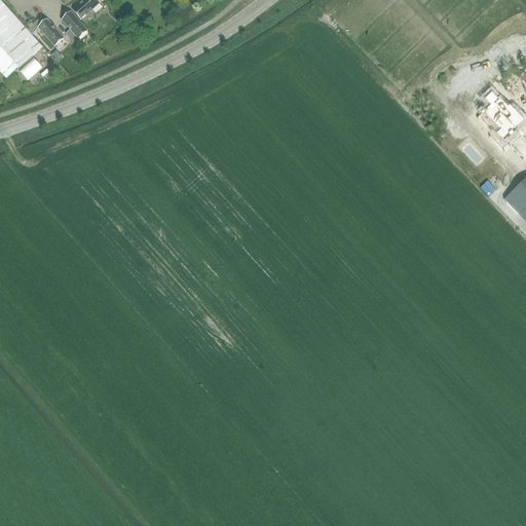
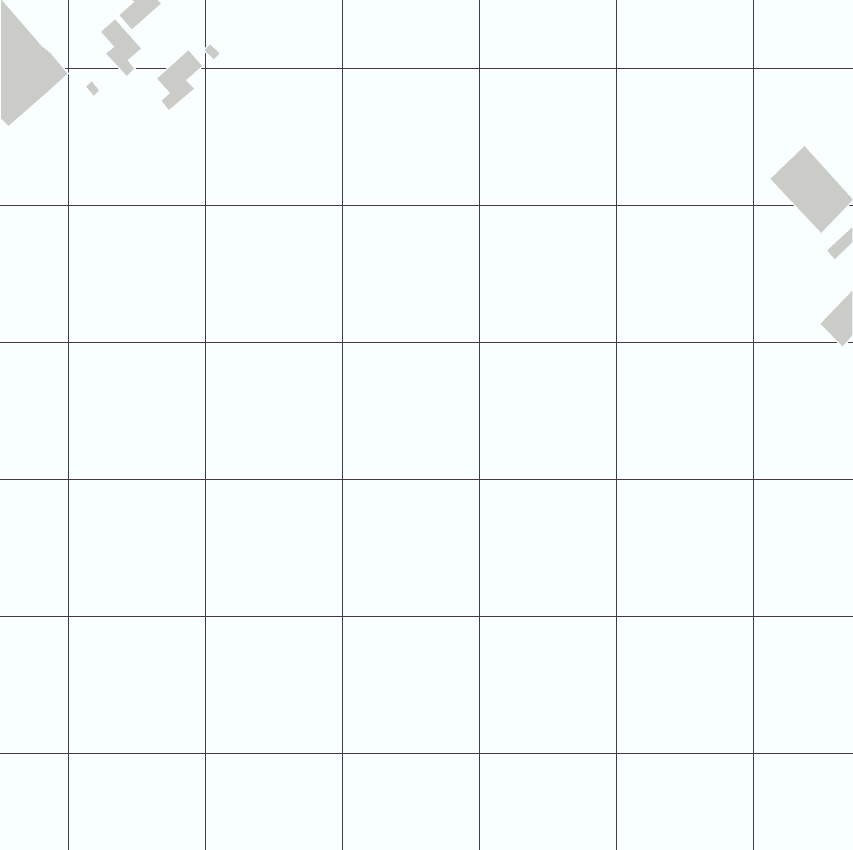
building: [27,18,64,45] -> none
building: none -> [156,50,203,111]

